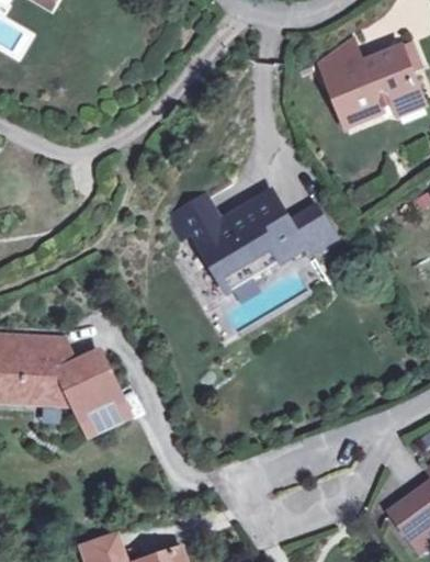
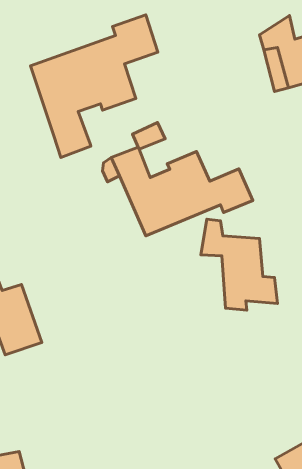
building: none -> [31,15,158,158]
building: none -> [201,219,277,310]

